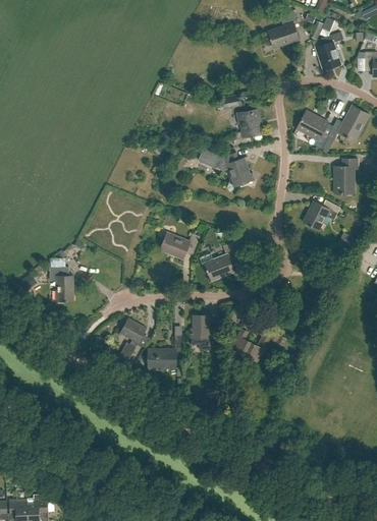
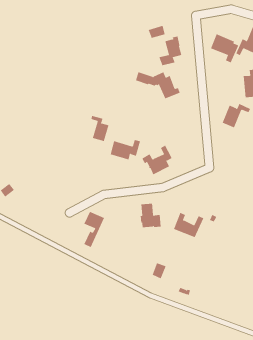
building: none -> [91,115,109,142]
building: [49,267,73,301] -> none
building: [149,336,182,369] -> none

